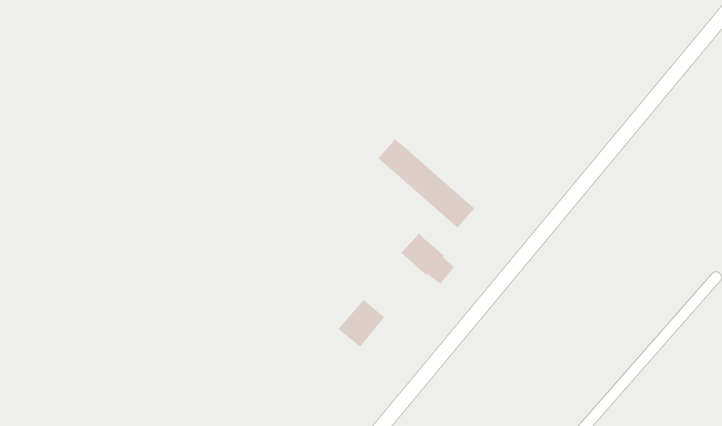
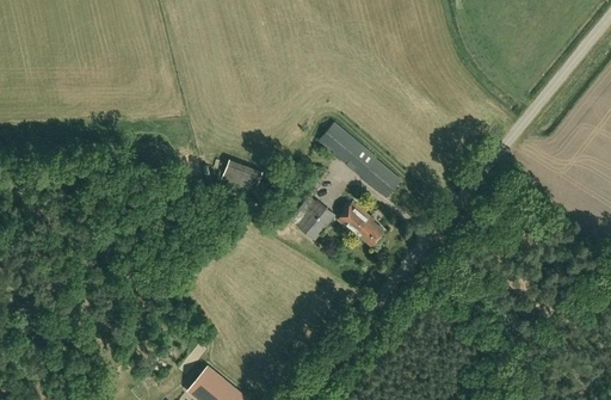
building: none -> [224,162,263,190]
building: [338,299,385,347] -> [295,199,334,240]

